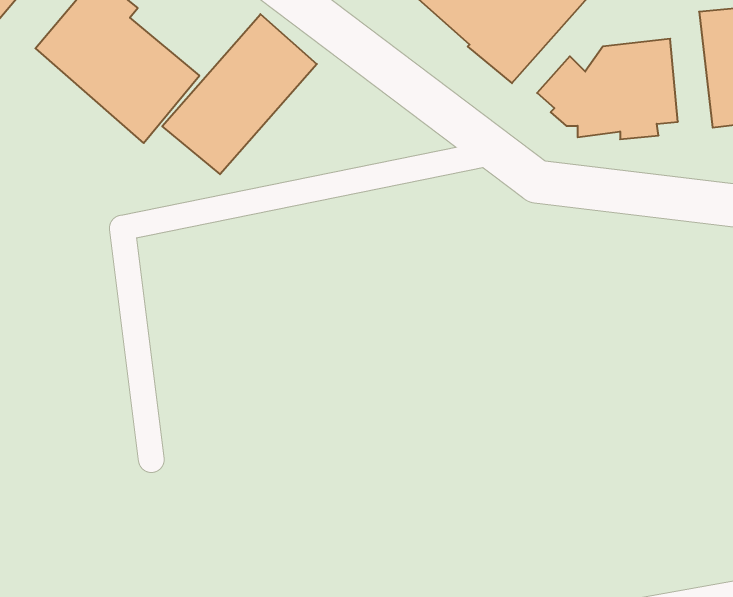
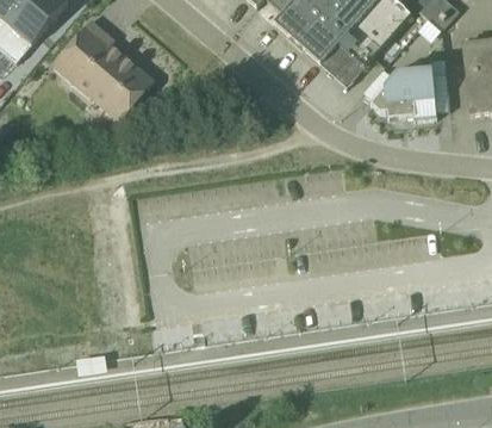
building: [162,14,317,174] -> none

